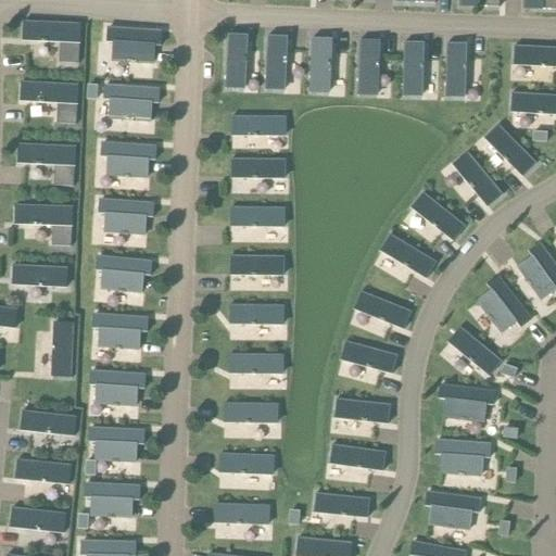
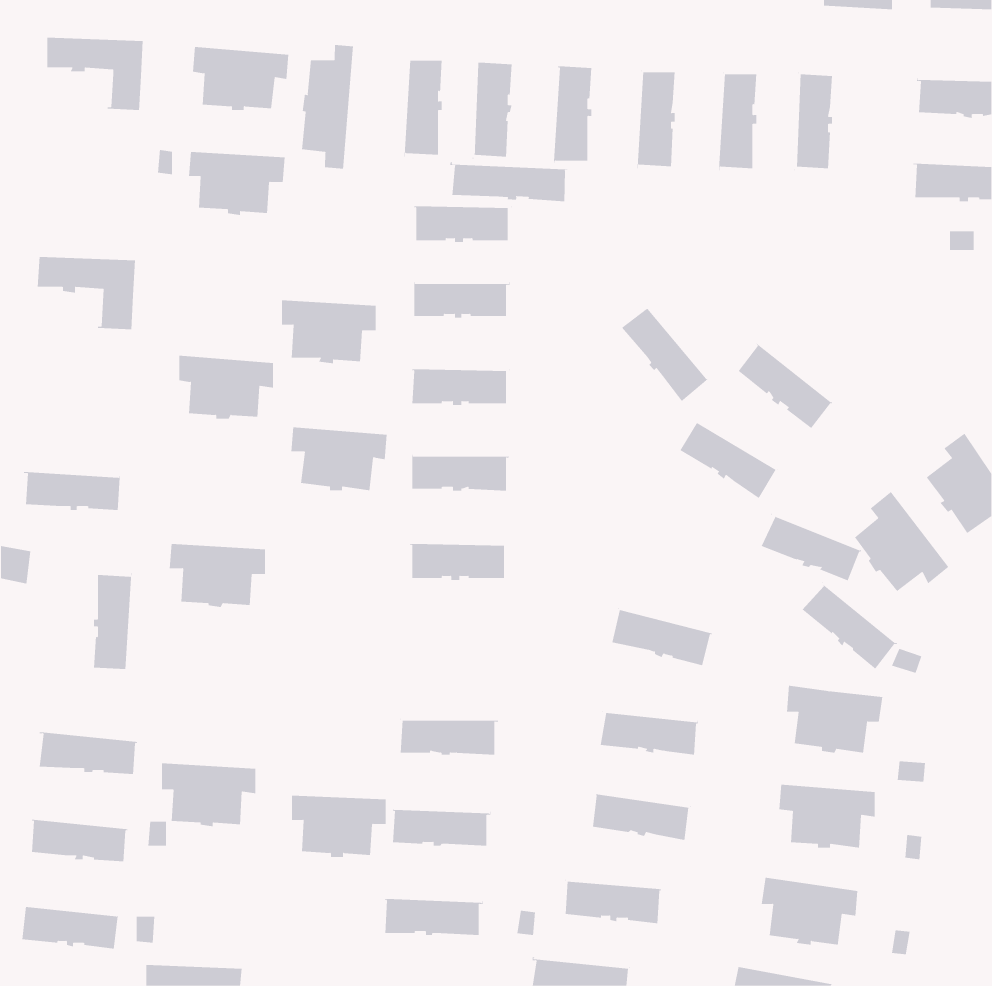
building: none -> [302,44,354,170]
building: [21,80,78,123] -> none
building: none -> [450,162,568,202]
building: [485,123,536,175] -> none
building: [102,142,155,178] -> [281,300,376,364]
building: [454,151,503,205] -> [621,305,709,402]
building: [15,204,73,244] -> none
building: [97,256,151,292] -> [290,427,388,491]
building: [355,290,412,328] -> [761,513,862,581]
building: [229,353,283,374] -> none
building: [93,359,148,395] -> none
building: [86,483,139,518] -> [291,795,386,857]

